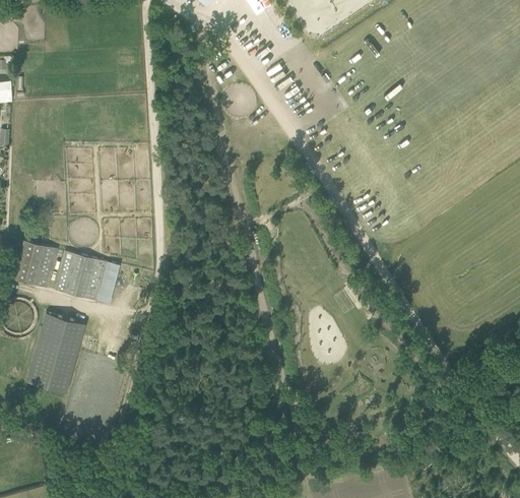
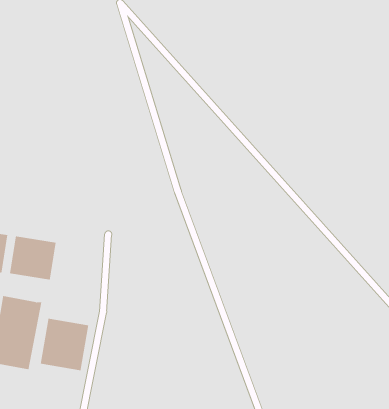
building: none -> [40,318,89,371]

